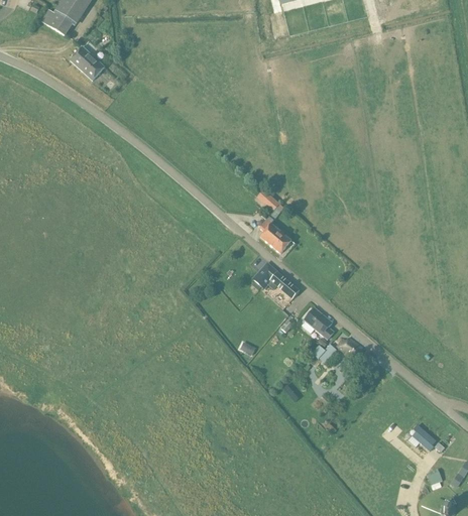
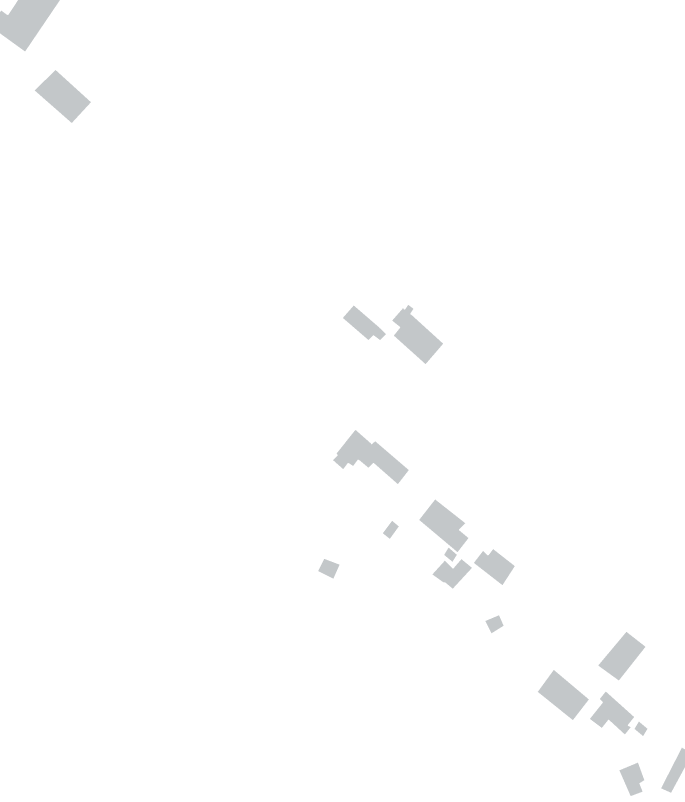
building: [259,216,291,253] -> [391,304,444,365]
building: none -> [597,631,647,682]
building: none -> [537,669,590,721]

